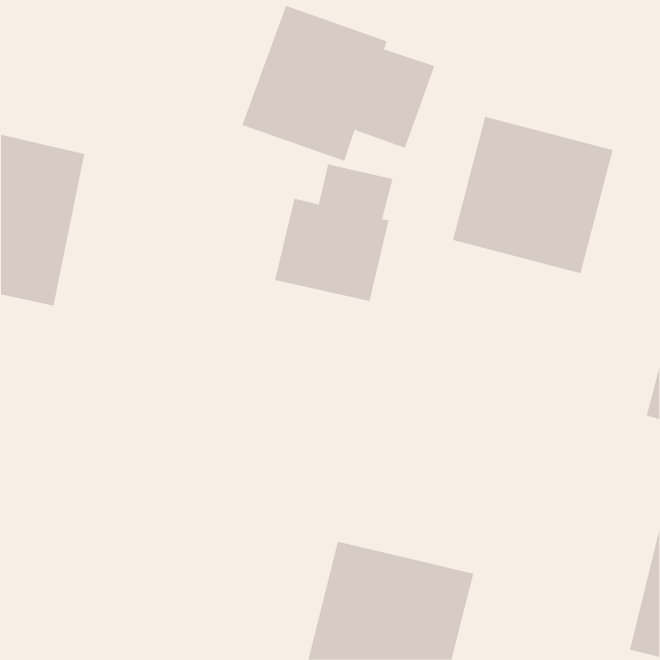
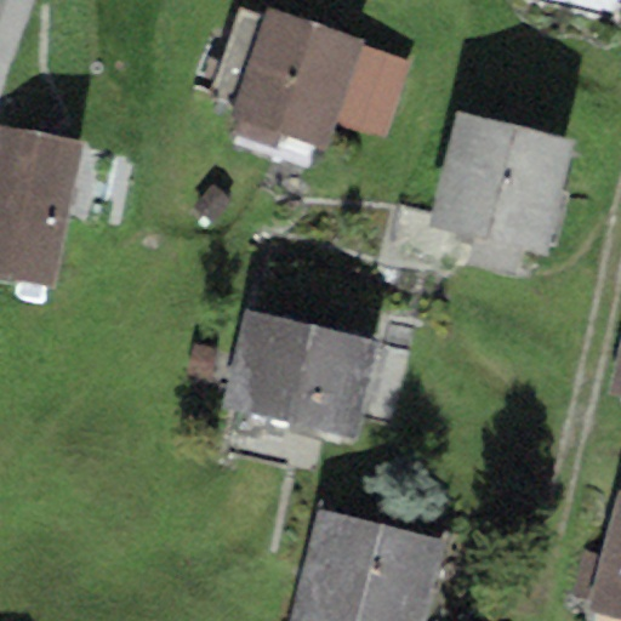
building: [274,163,393,302] -> none
building: none -> [224,312,382,441]

